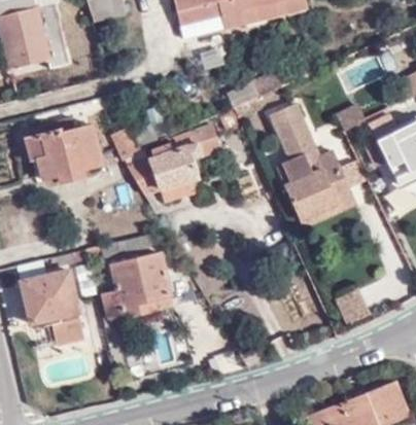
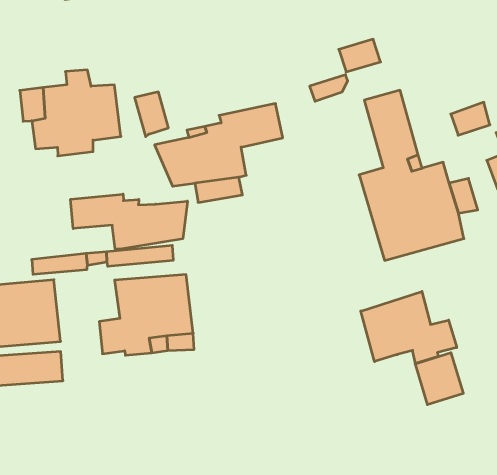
building: none -> [71,194,187,249]
building: none -> [361,291,457,363]

